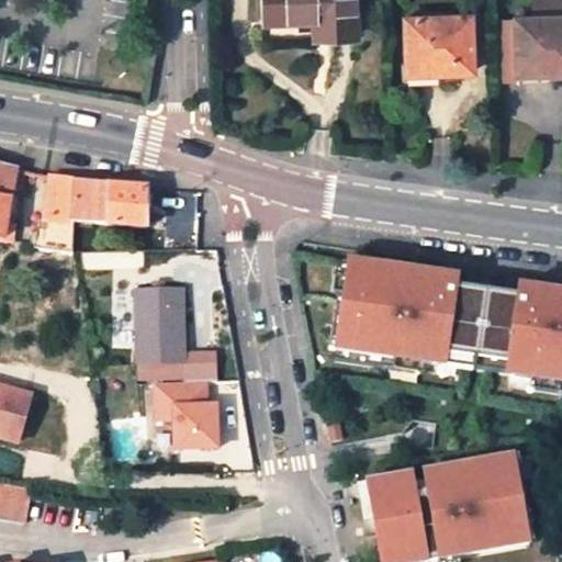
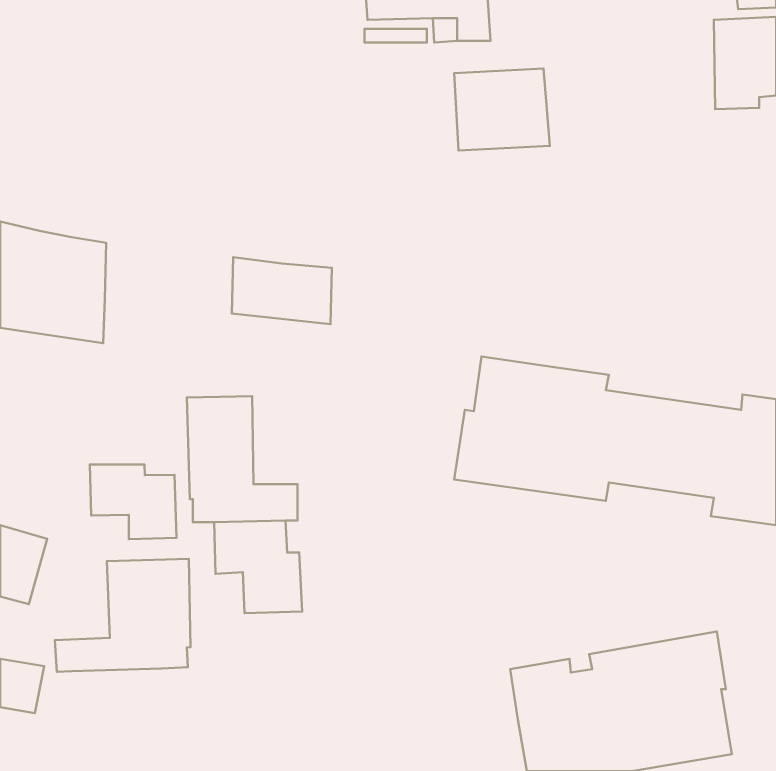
building: [405,13,474,72] -> [454,68,550,150]
building: [76,176,148,224] -> [232,257,332,324]
building: none -> [90,464,176,539]
building: none -> [55,559,191,672]

